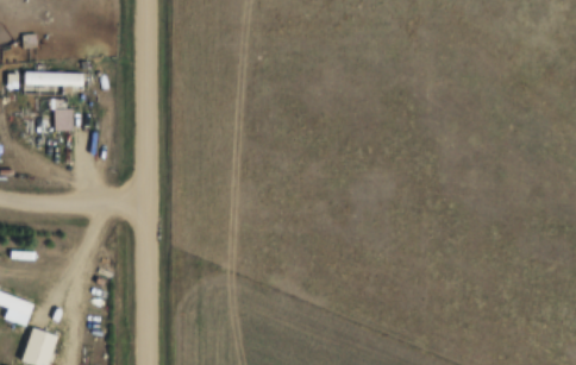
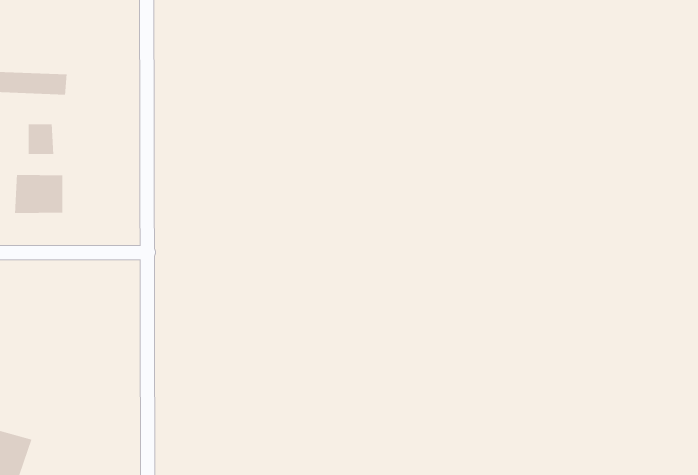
building: none -> [14,174,63,214]

